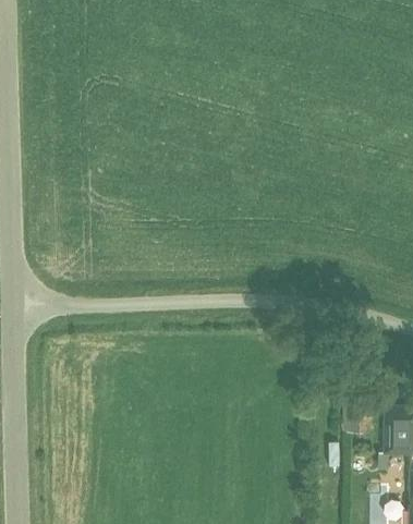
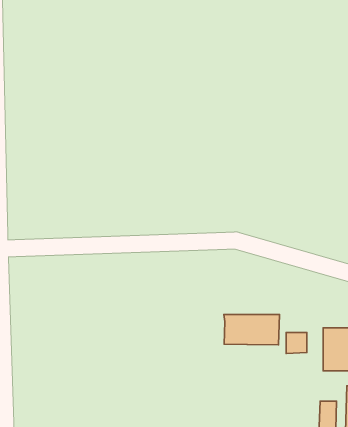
building: none -> [224,315,279,345]

